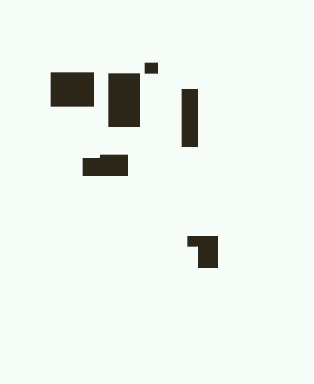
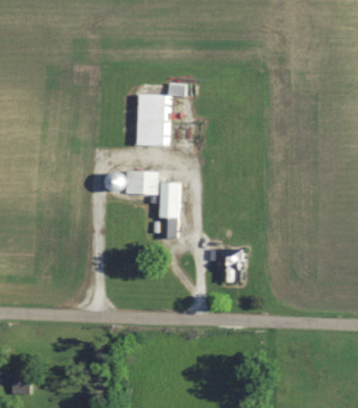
building: [50,71,95,108] -> none
building: [181,89,199,147] -> [161,182,178,238]

